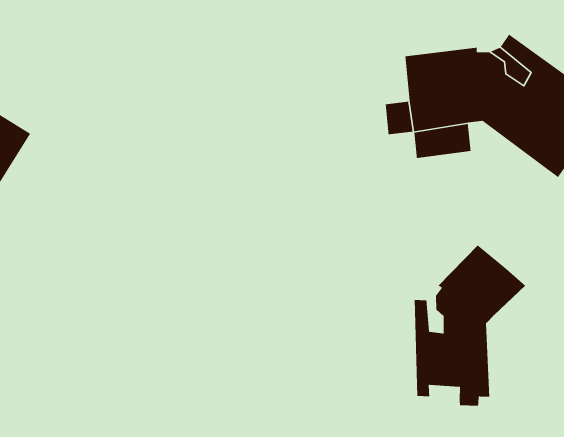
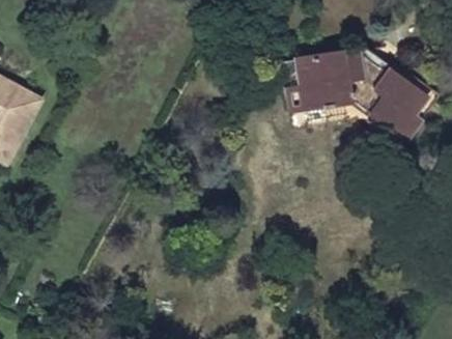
building: [414,244,526,407] -> none

